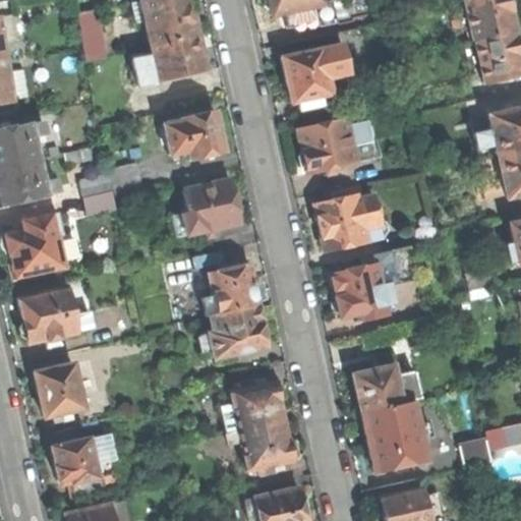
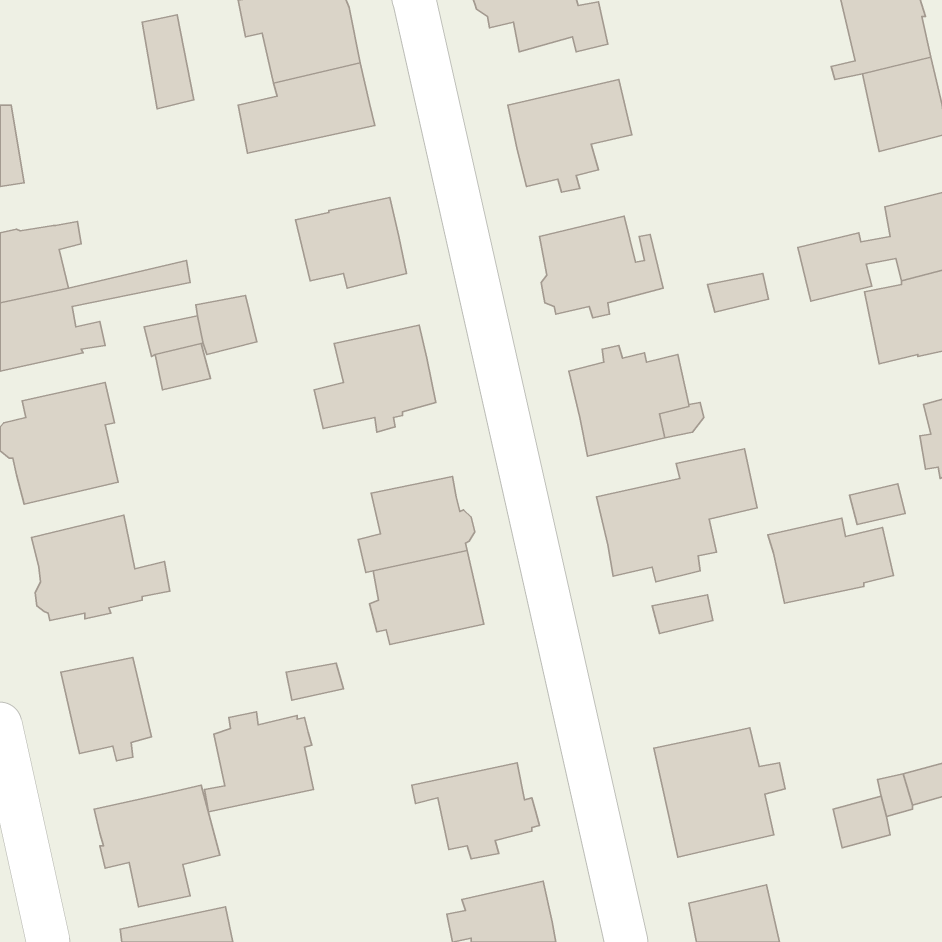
building: [352,365,421,412] -> [768,518,893,603]
building: [226,378,286,432] -> [205,712,314,812]

